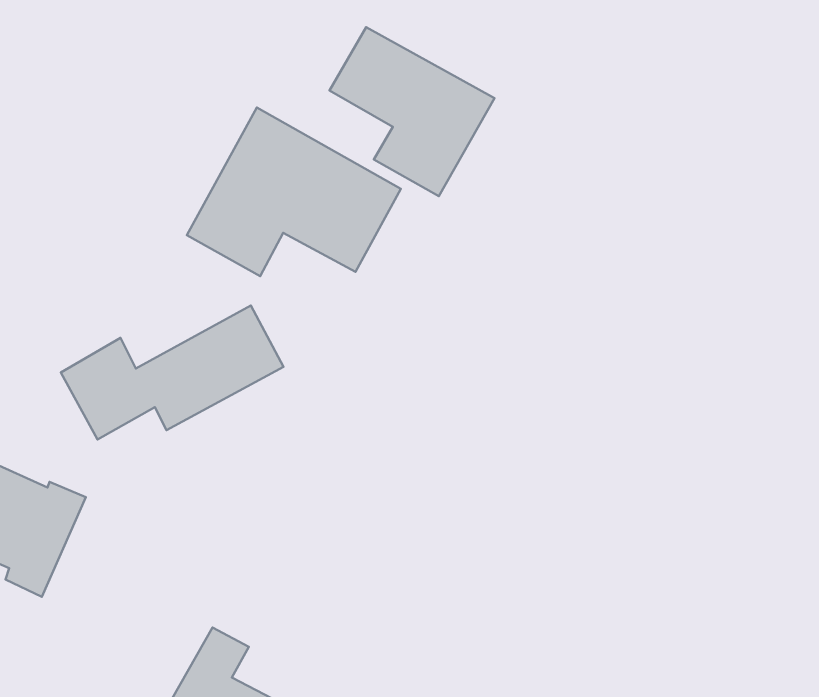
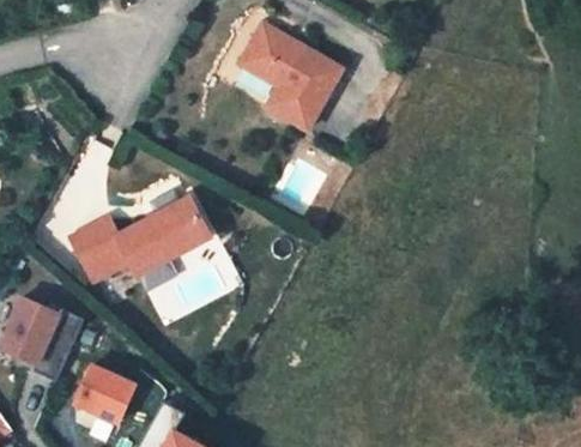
building: [187,107,401,276] -> none
building: none -> [75,363,135,421]

